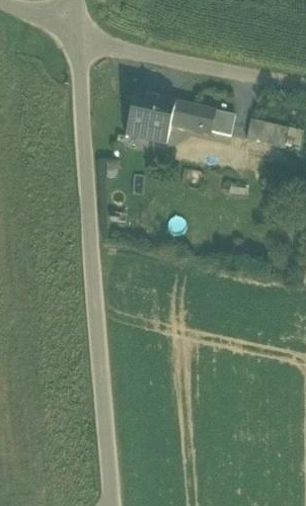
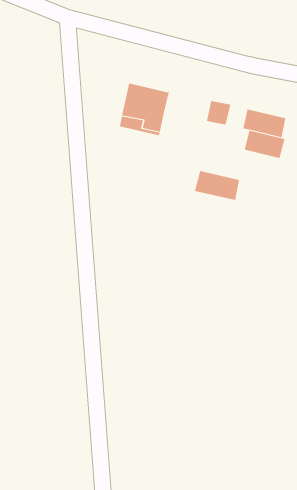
building: [172,101,217,131] -> [194,170,240,200]
building: none -> [244,130,285,159]

